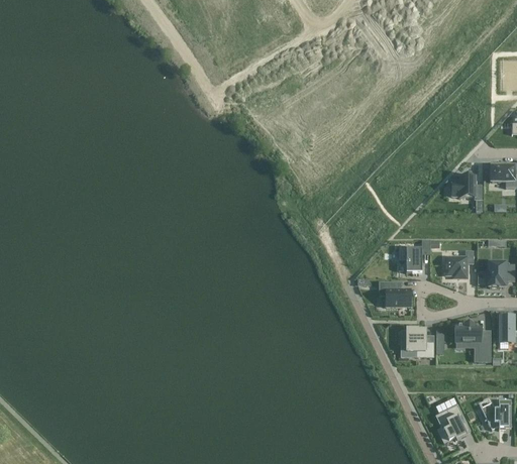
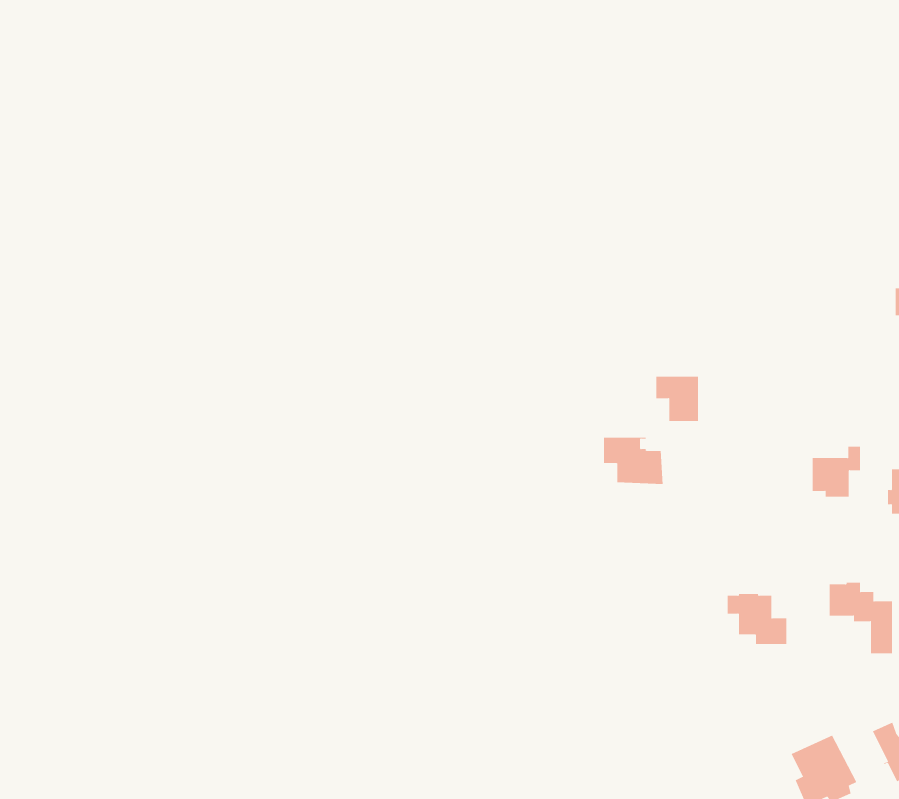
building: [451,176,482,200] -> none
building: [399,248,422,272] -> [655,376,699,421]
building: [379,281,411,307] -> [603,437,664,484]

